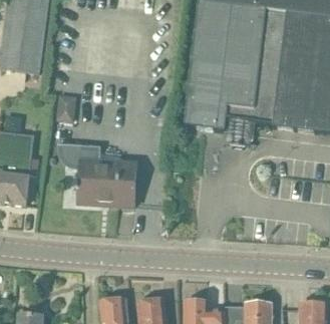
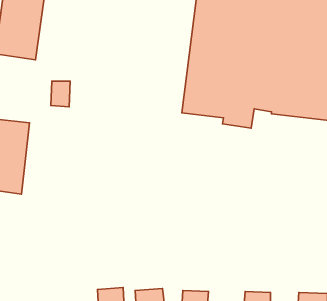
building: [57,143,136,205] -> none

